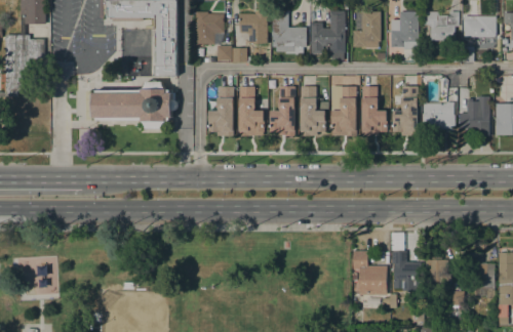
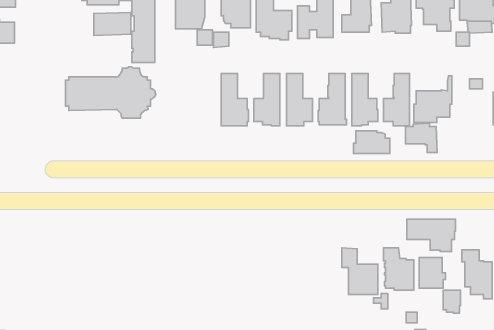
building: [208,86,234,135] -> none
building: [460,109,489,136] -> [406,123,437,153]
building: none -> [353,131,390,153]
building: none -> [407,219,455,252]

